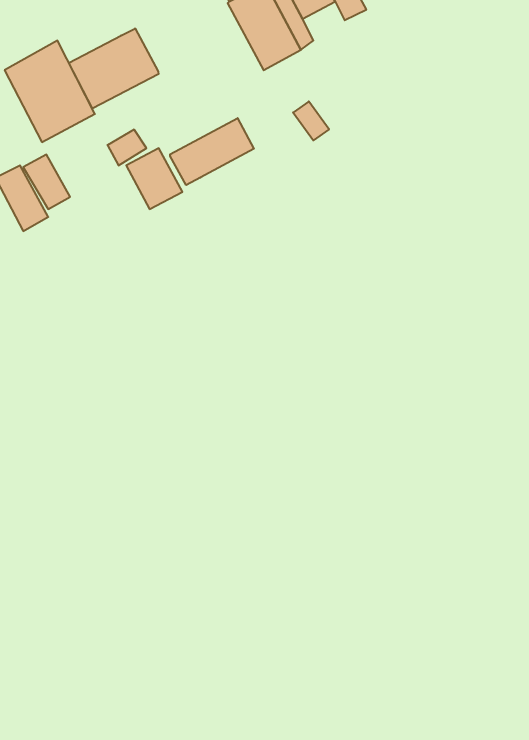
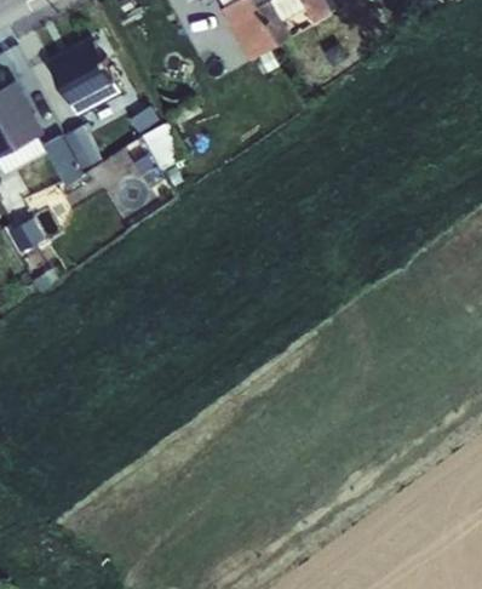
building: [69,28,159,109] -> none
building: [170,118,254,185] -> none

